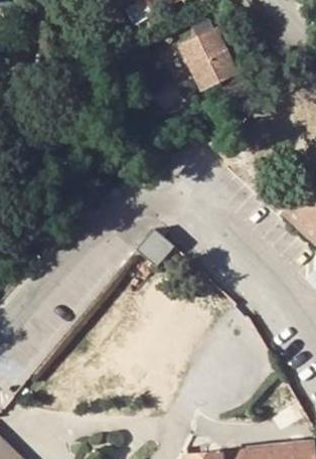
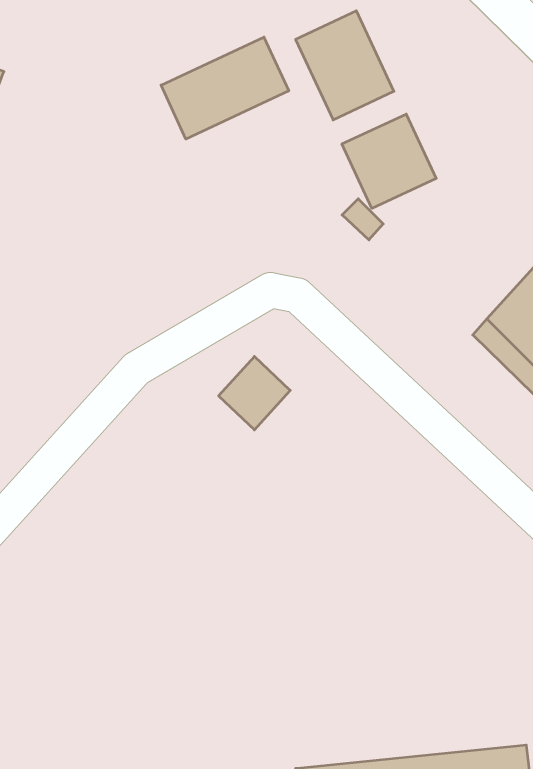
building: none -> [161,37,289,139]
building: none -> [342,114,436,208]

